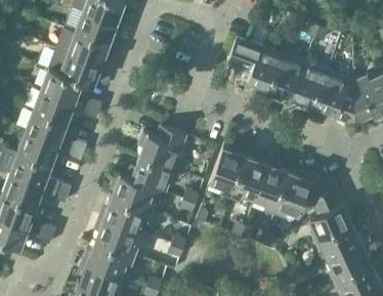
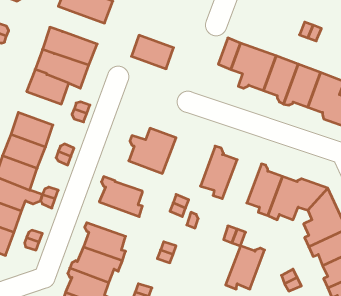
building: [75,11,116,44] -> [131,35,174,69]
building: [32,90,74,123] -> none
building: [230,157,268,199] -> [226,246,265,289]
building: [126,158,172,193] -> none
building: [98,198,150,231] -> none

